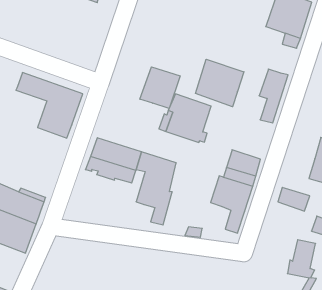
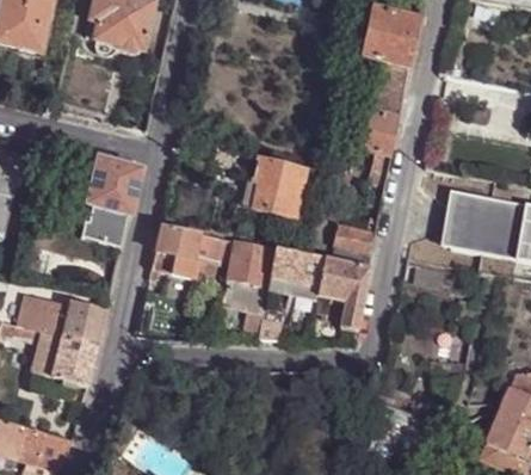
building: [195,59,244,107] -> none
building: [140,67,180,109] -> none
building: none -> [267,247,326,297]

